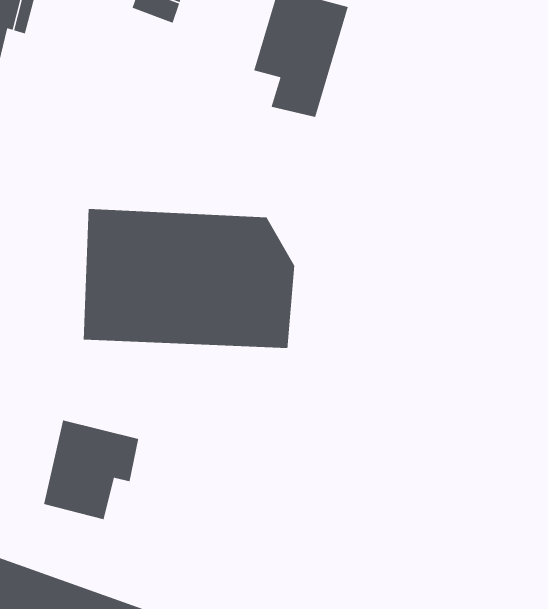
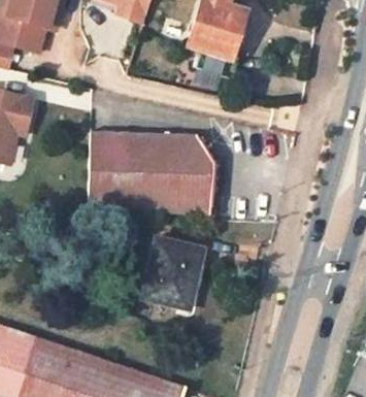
building: [43,419,139,520] -> [143,239,200,299]

